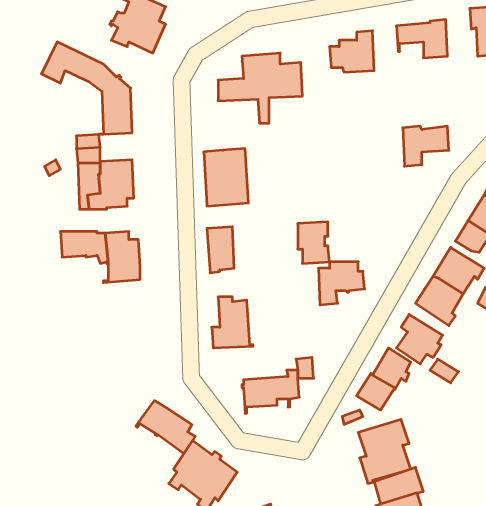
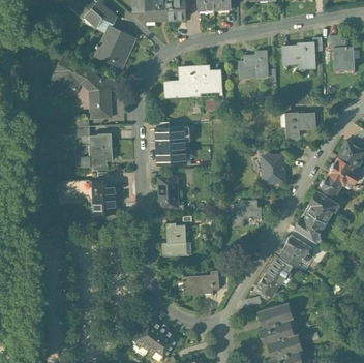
building: [298,222,330,263] -> [264,155,284,182]
building: [136,401,195,454] -> none

